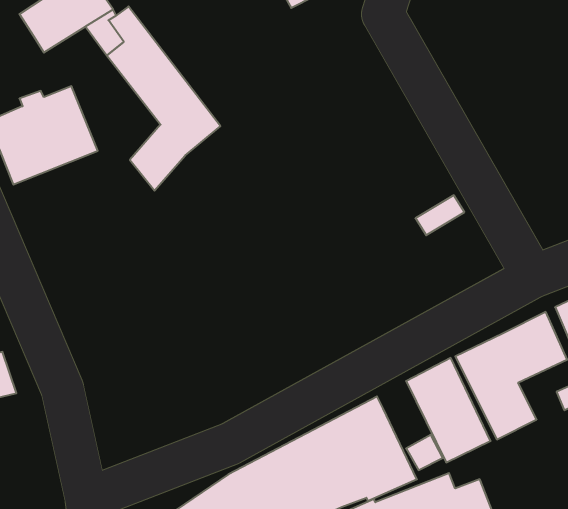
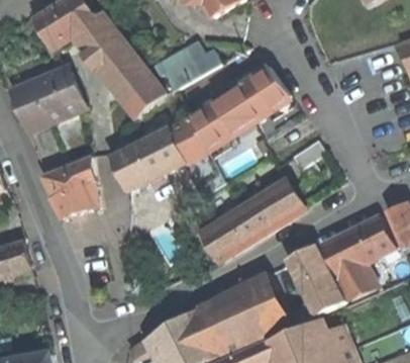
building: none -> [162,48,207,91]
building: none -> [111,67,287,191]
building: none -> [42,158,98,219]
building: none -> [202,184,303,262]

